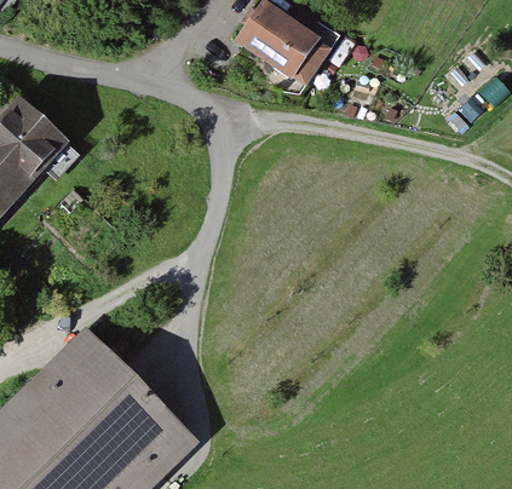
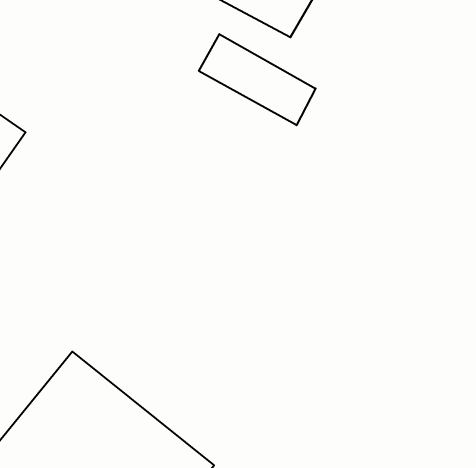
building: none -> [199,34,316,125]

